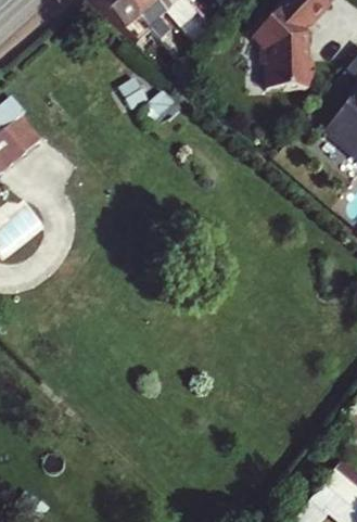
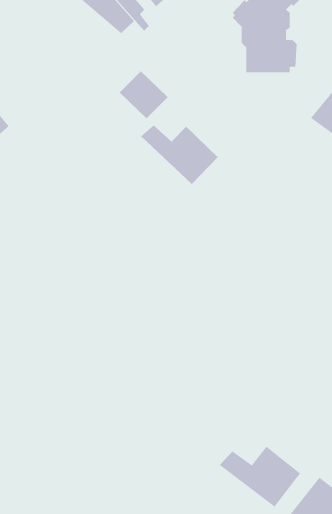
building: none -> [140,125,218,185]
building: none -> [219,446,301,507]

